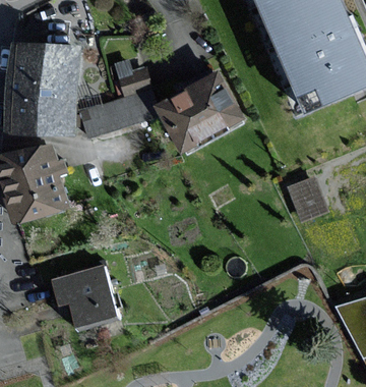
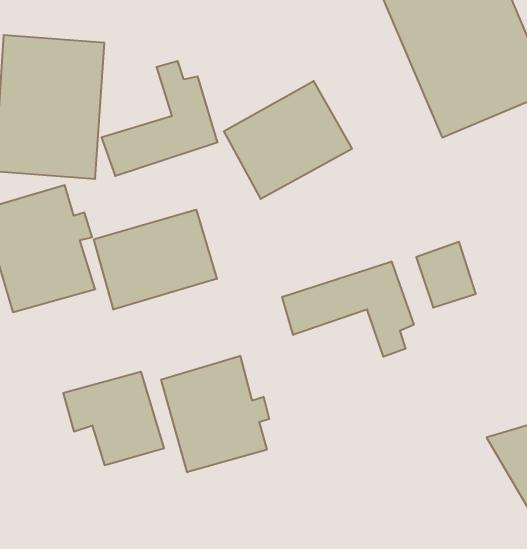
building: none -> [94,210,217,310]
building: none -> [282,261,414,357]
building: none -> [161,356,269,472]

